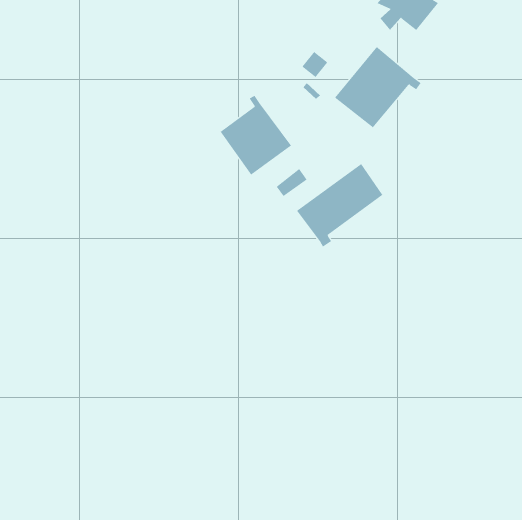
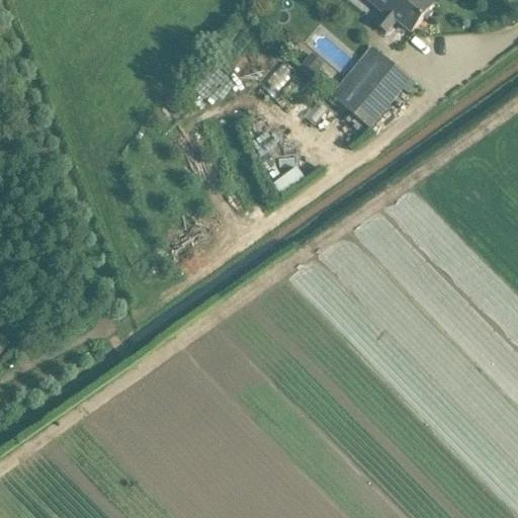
building: [220,95,292,176] -> none
building: [296,163,383,247] -> none

